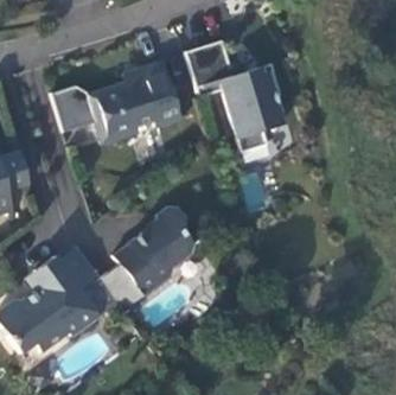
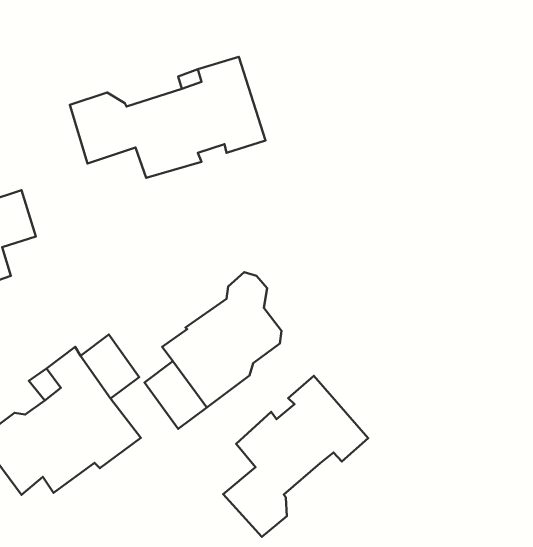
building: [185,40,285,152] -> none
building: none -> [223,376,368,537]

